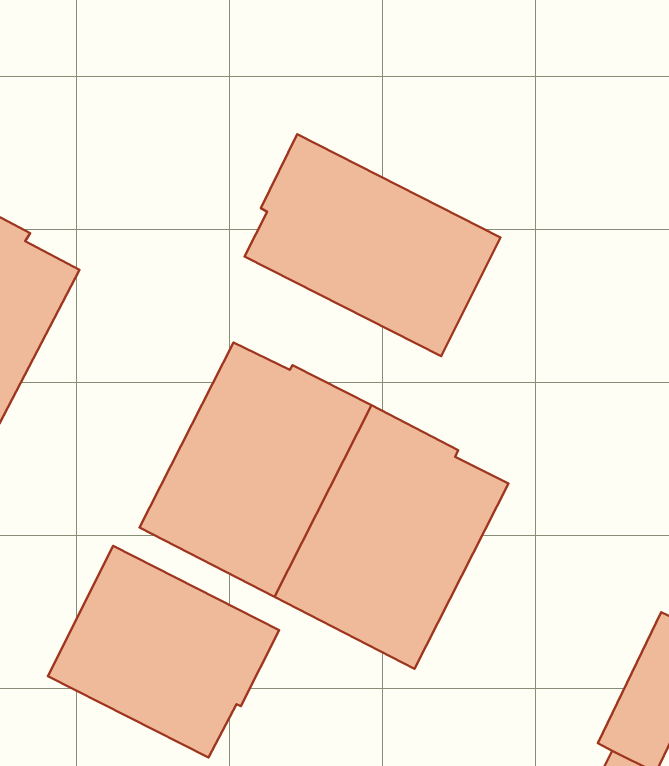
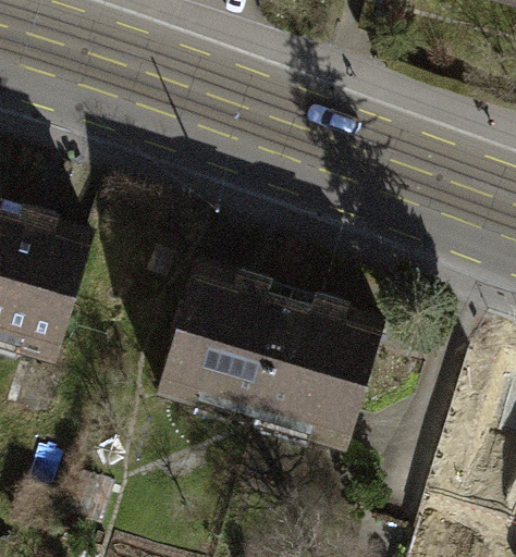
building: [245,134,500,356] -> none
building: [48,546,279,758] -> none

